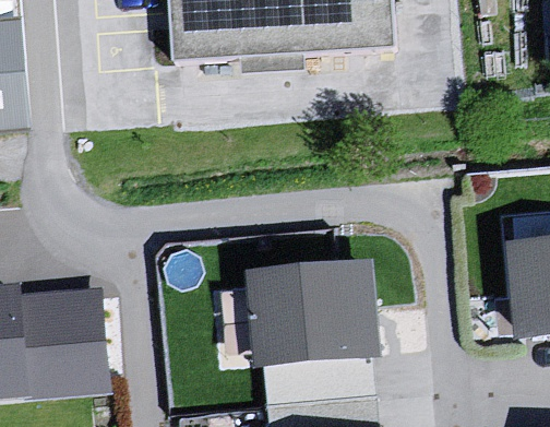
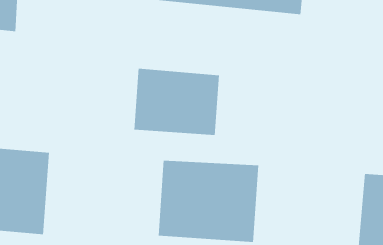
building: none -> [134,68,220,136]

